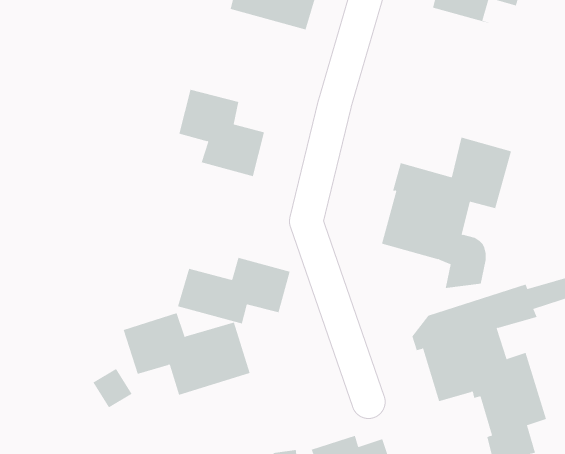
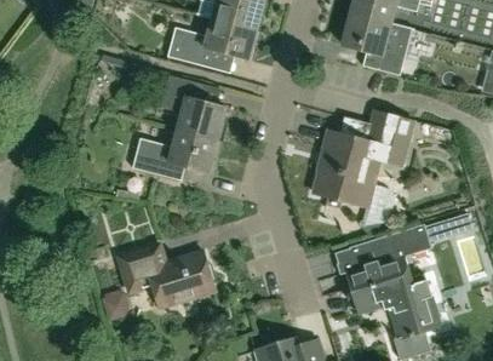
building: none -> [342,12,412,74]
building: none -> [167,13,256,68]
building: [177,257,290,324] -> [130,130,216,180]

